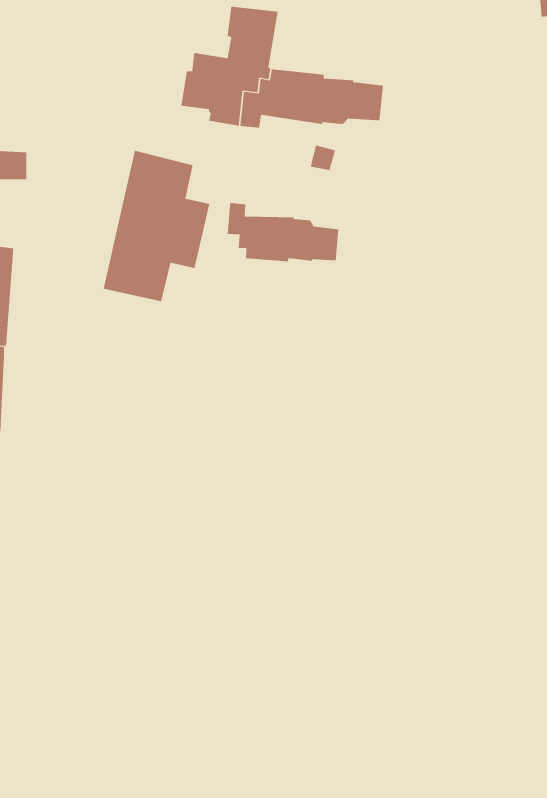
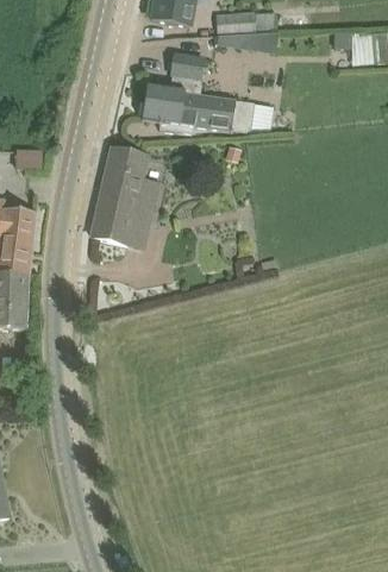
building: [227,202,339,262] -> none

